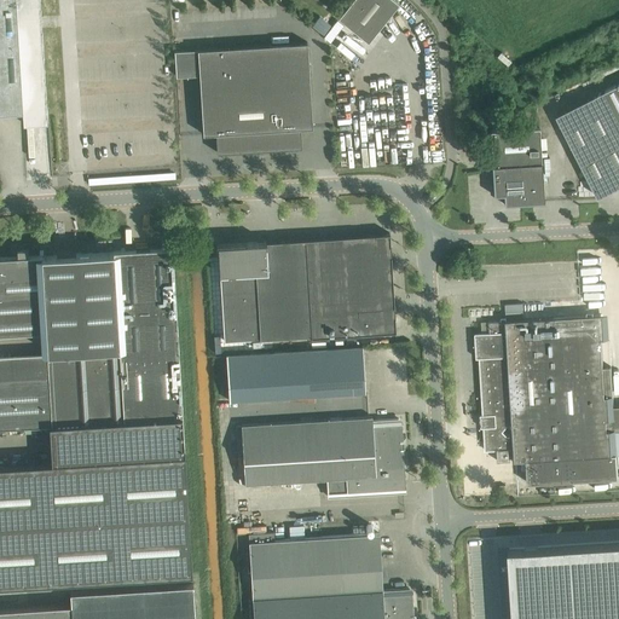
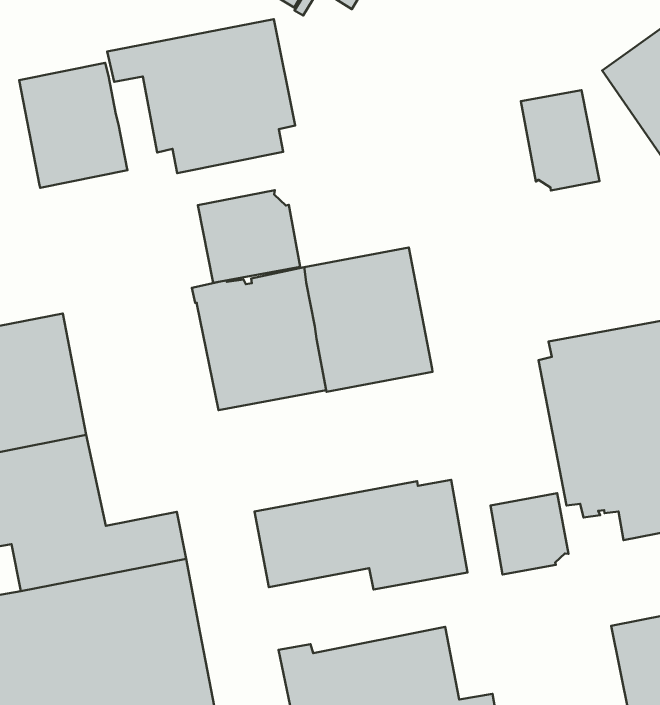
building: none -> [19,63,128,188]
building: none -> [198,190,300,283]
building: [112,251,181,423] -> none
building: [227,351,364,404] -> none
building: none -> [491,493,568,574]

